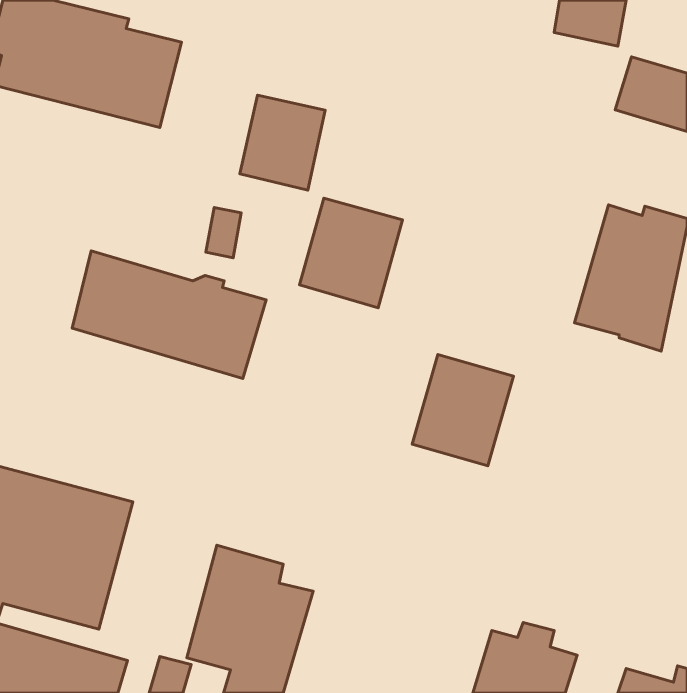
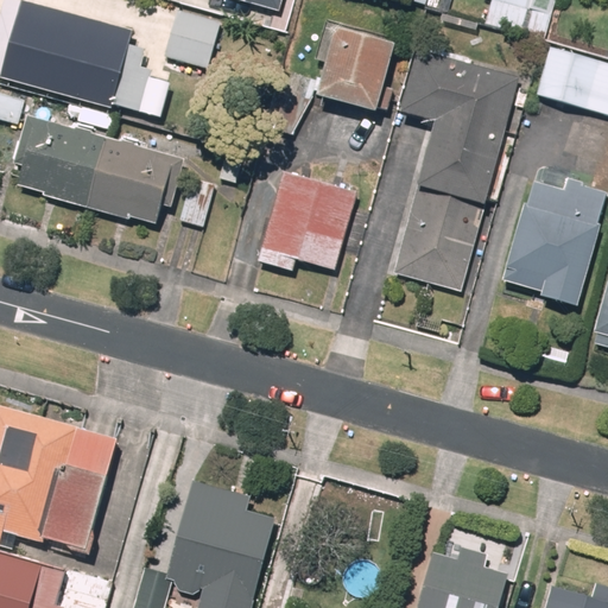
building: none -> [166,12,220,69]
building: none -> [400,51,517,201]
building: [240,95,325,190] -> [319,27,394,110]
building: [72,251,266,378] -> [8,114,178,226]
building: [412,355,514,466] -> [393,195,482,292]

